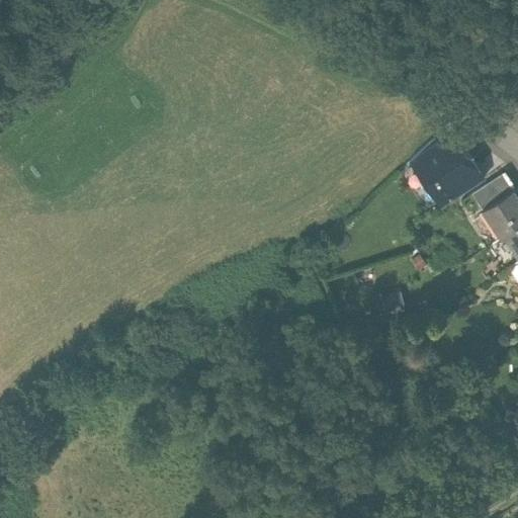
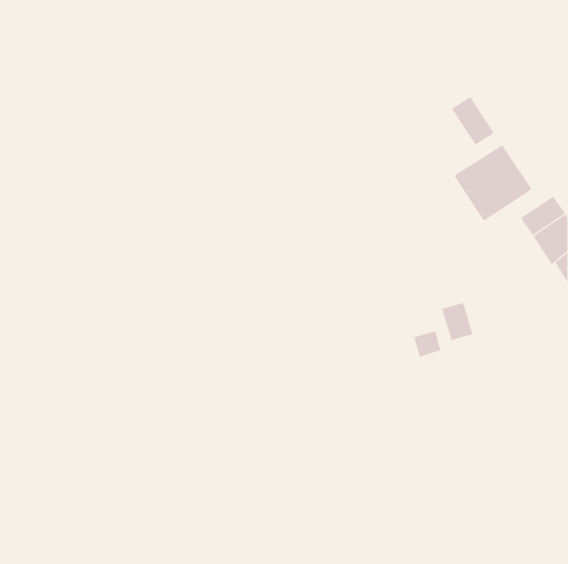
building: none -> [451,96,495,145]
building: none -> [442,302,473,341]

